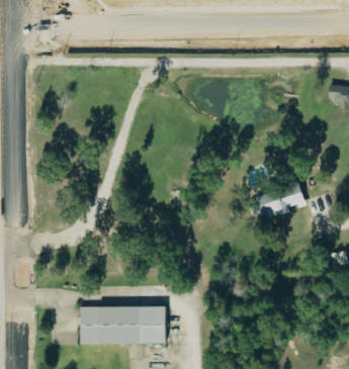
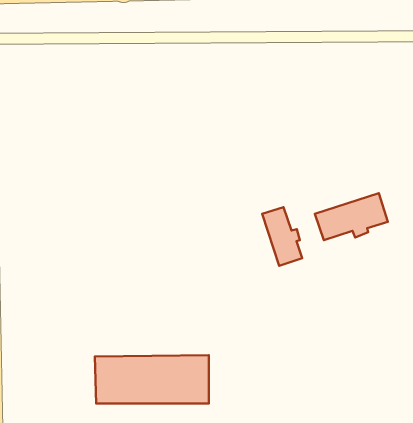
building: none -> [262,207,302,266]

